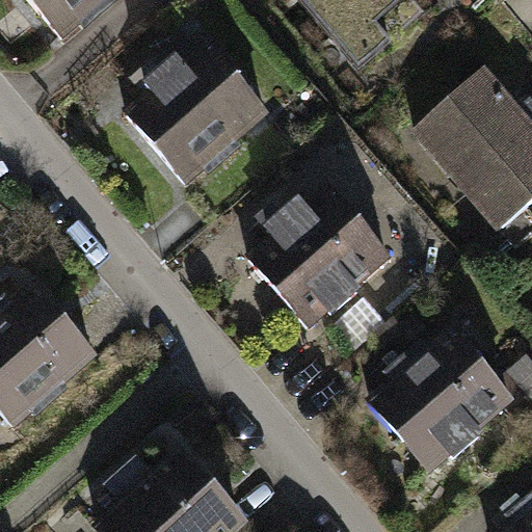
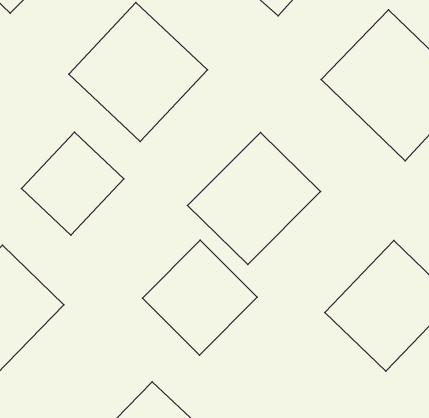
building: none -> [21,132,124,235]
building: none -> [142,240,257,355]

